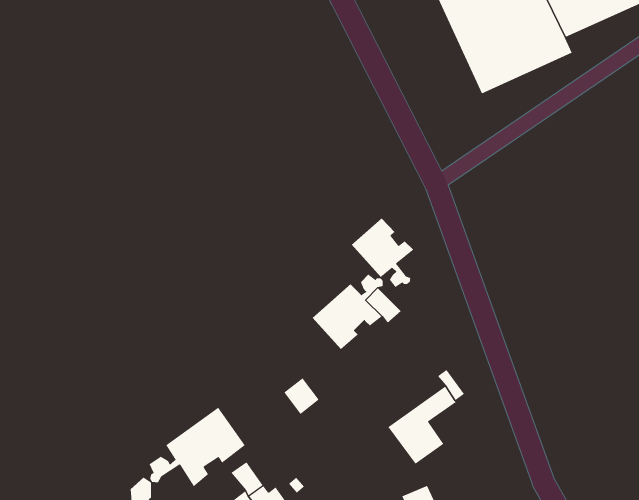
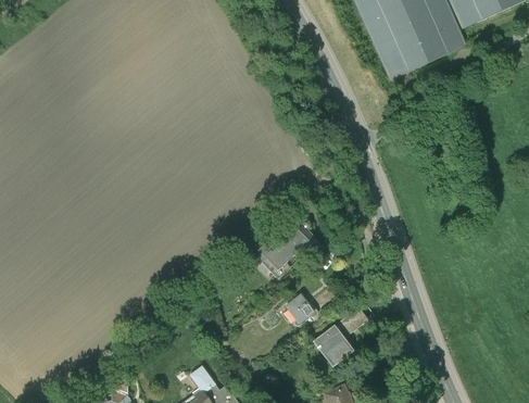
building: [351,218,414,288] -> none
building: [284,377,319,415] -> [287,294,315,324]
building: [149,407,245,487] -> none

